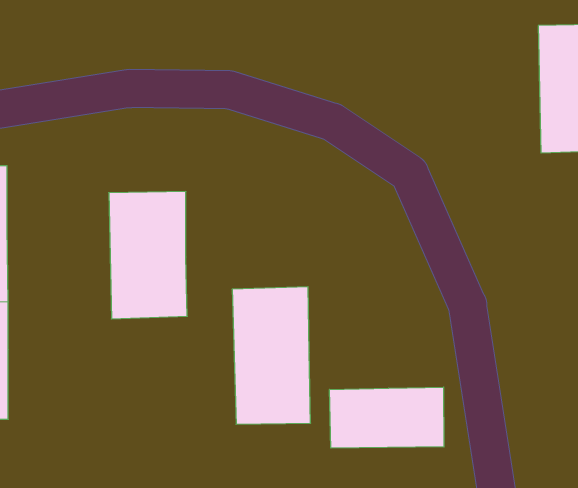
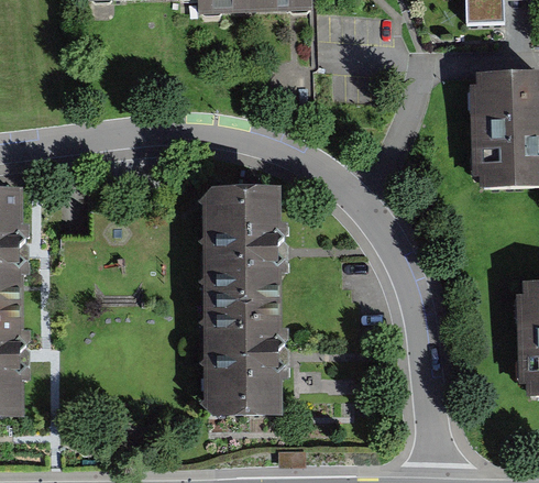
building: [109,192,187,319] -> [209,188,276,297]
building: [330,387,444,448] -> none

